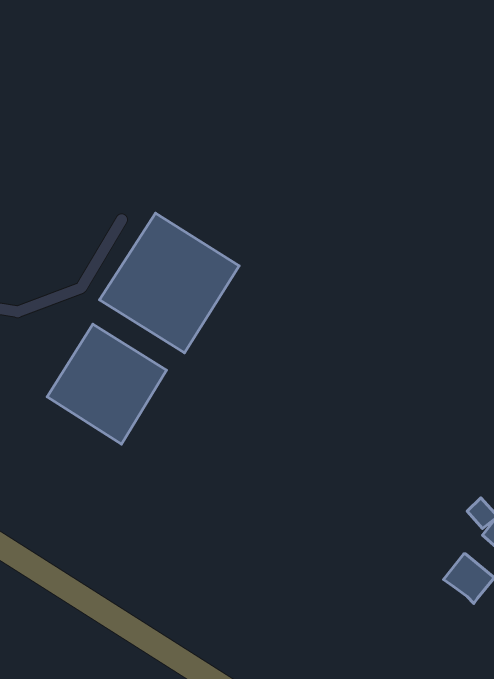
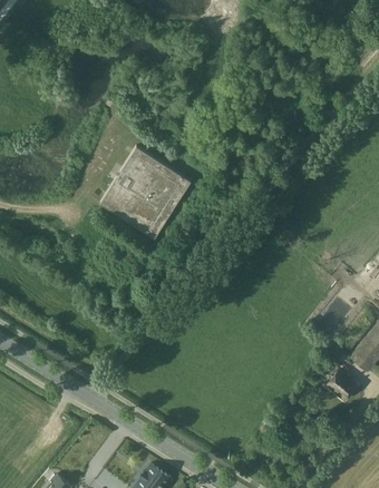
building: [47,324,167,444] -> none

